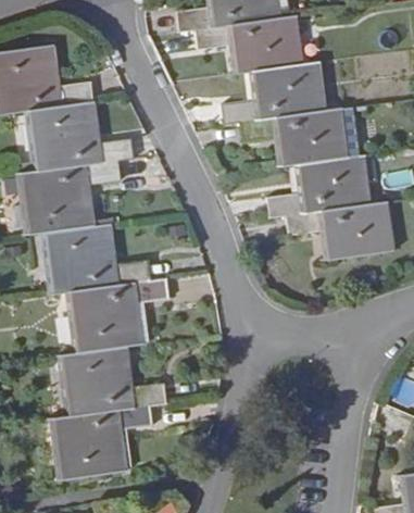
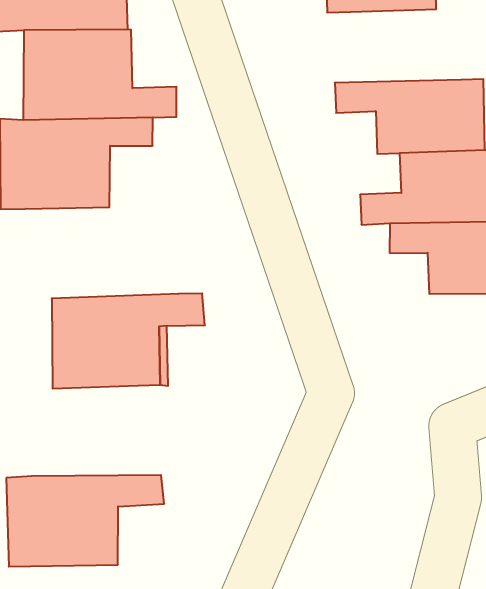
building: [223,61,328,124] -> none
building: [38,223,150,296] -> none
building: [55,346,170,416] -> none

